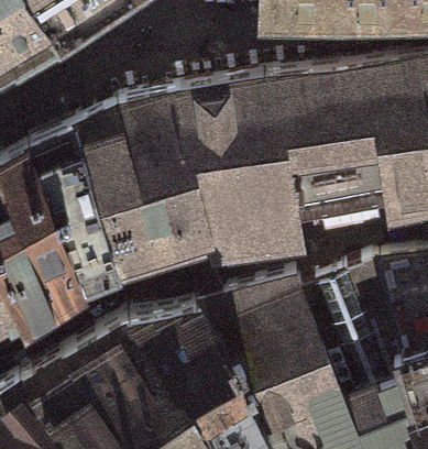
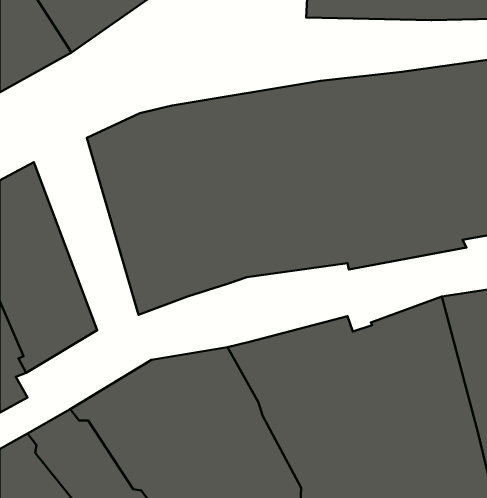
building: [35,127,124,291] -> none

